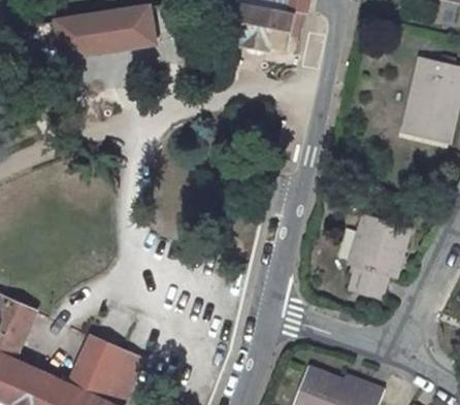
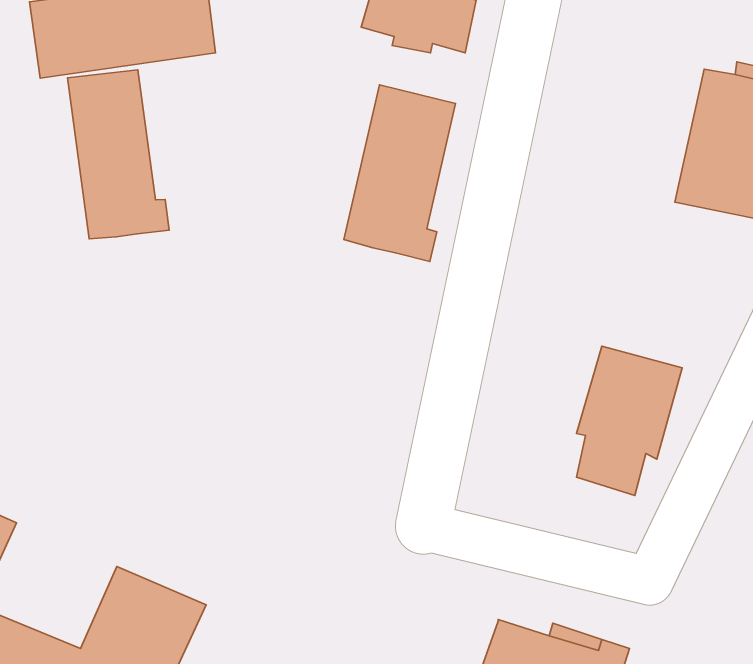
building: none -> [67,70,169,239]
building: none -> [344,85,455,262]

